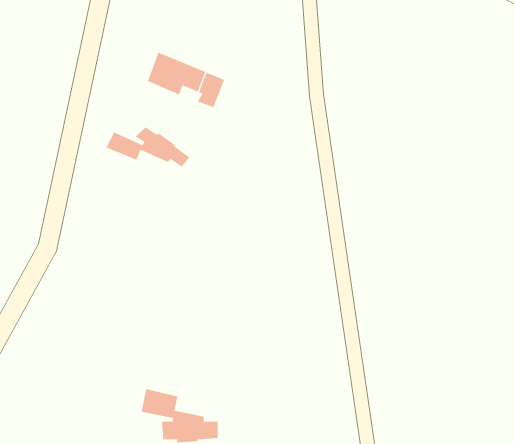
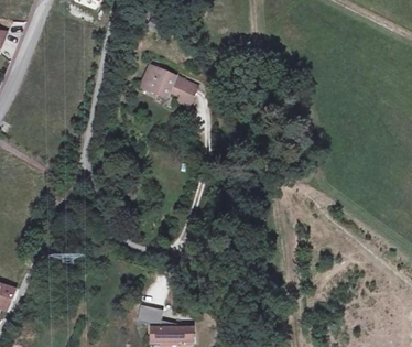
building: [106,126,190,167] -> none

